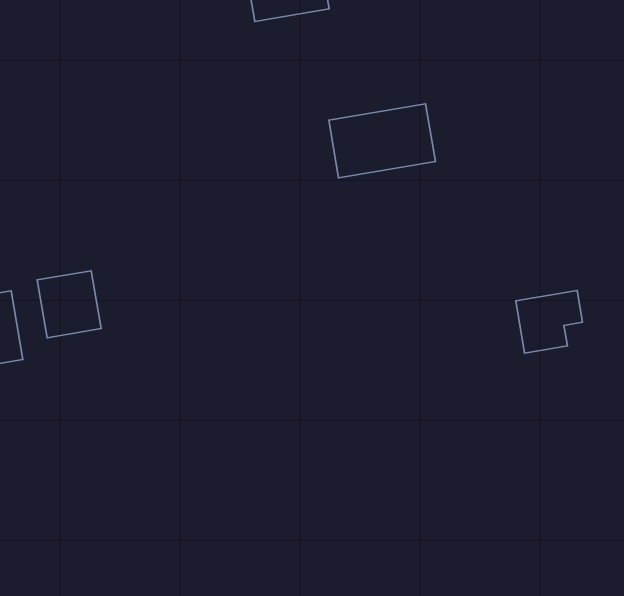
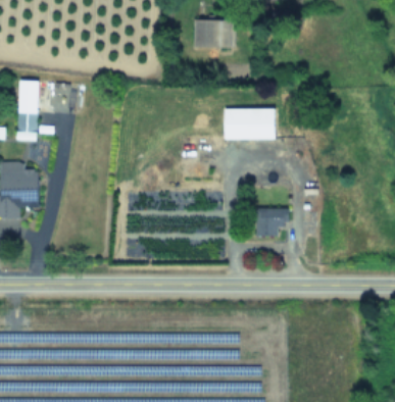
building: [37,271,101,338] -> none
building: [516,291,583,353] -> [254,208,288,237]

